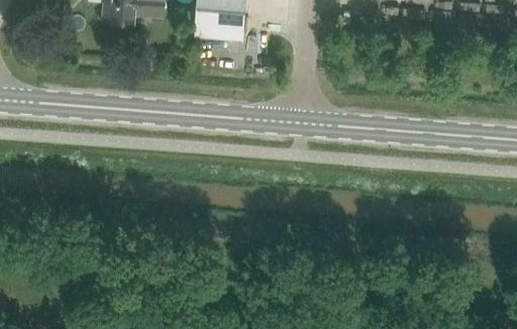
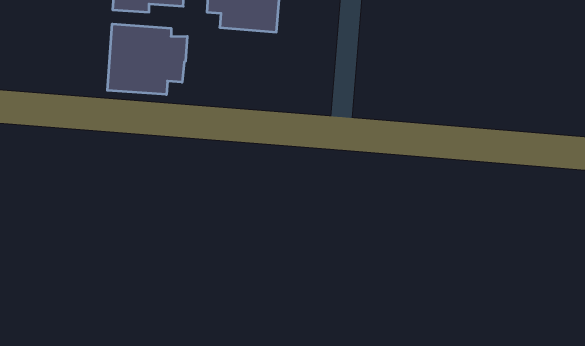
building: none -> [107,24,187,95]

